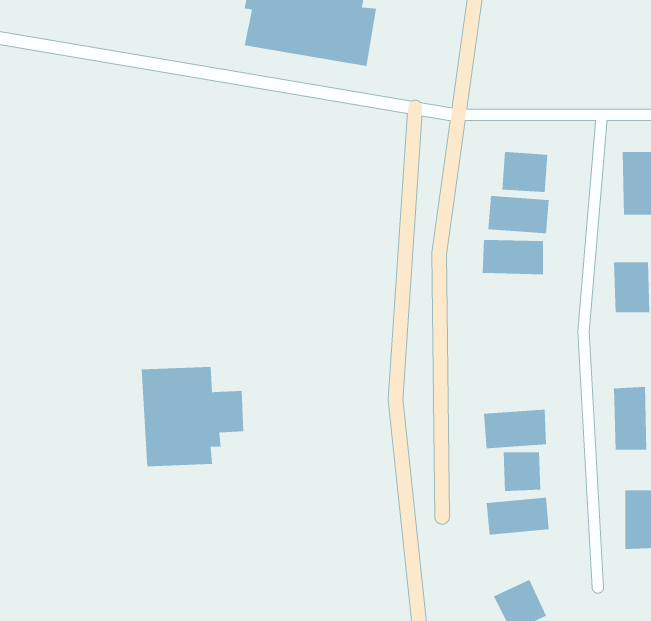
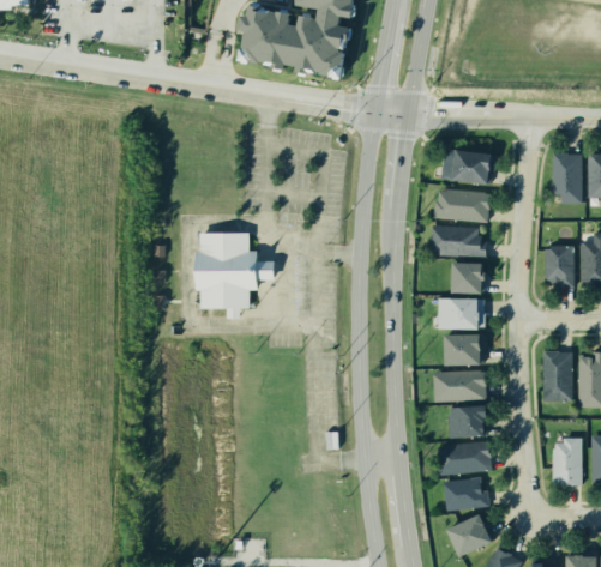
building: none -> [451,261,480,295]
building: none -> [439,300,481,328]
building: [141,366,244,467] -> [193,230,281,315]
building: none -> [443,334,479,364]
building: none -> [444,478,487,514]

